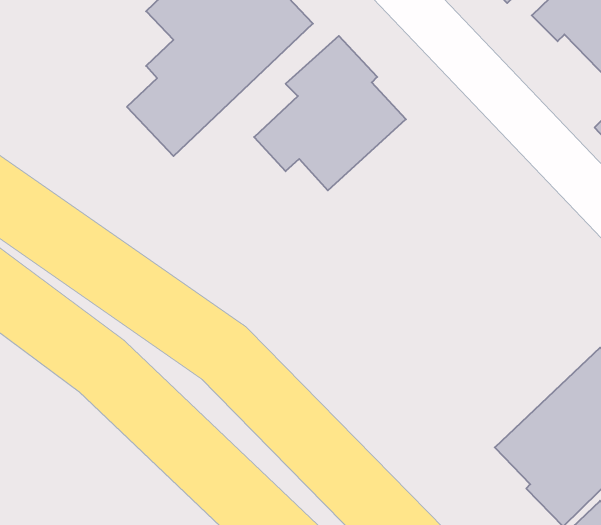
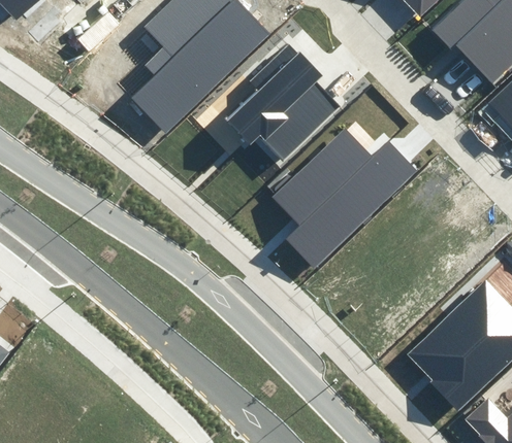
building: none -> [271,125,415,264]

